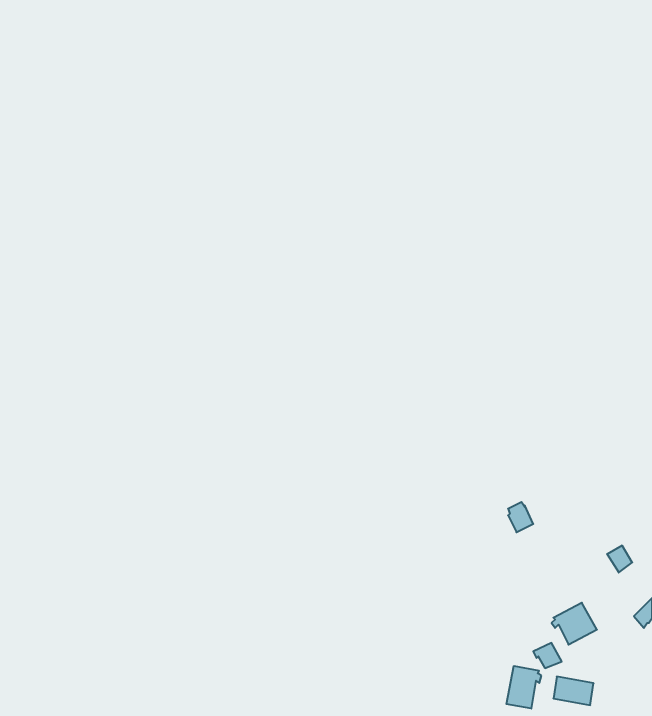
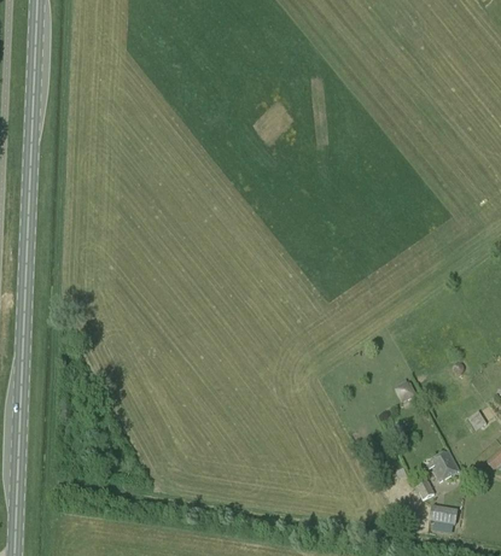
building: [506,666,541,709] -> none

